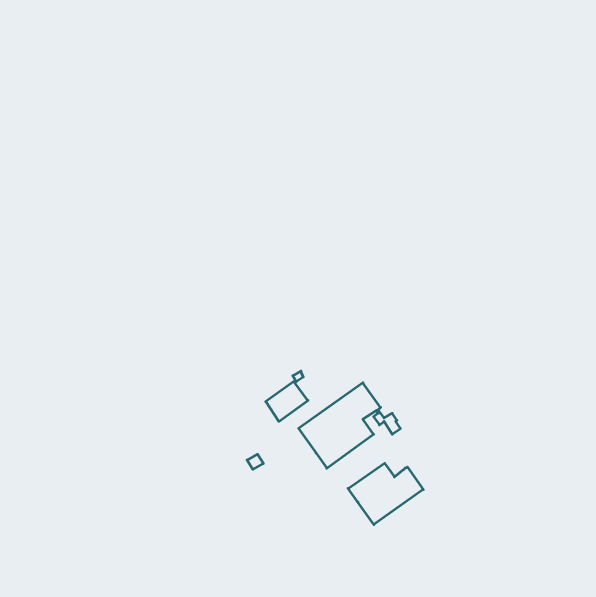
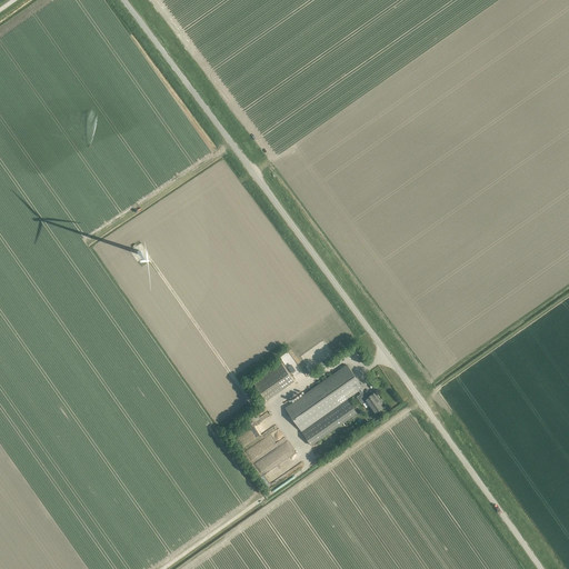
building: [348,463,423,525] -> none

